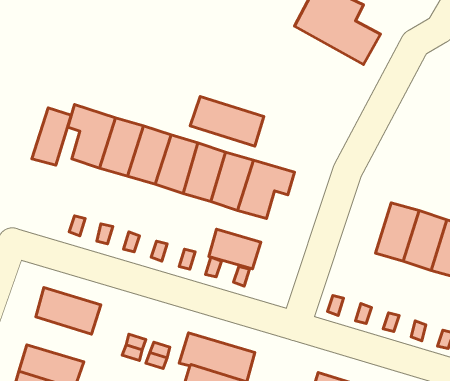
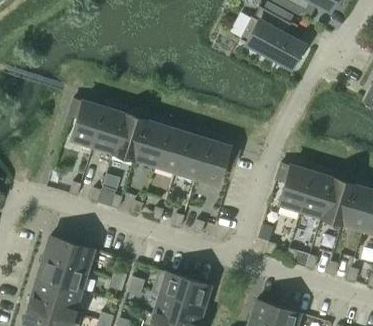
building: [190,97,264,146] -> none
building: [32,108,71,165] -> none
building: none -> [276,163,312,211]
building: [209,229,261,269] -> none
building: none -> [37,259,86,293]

